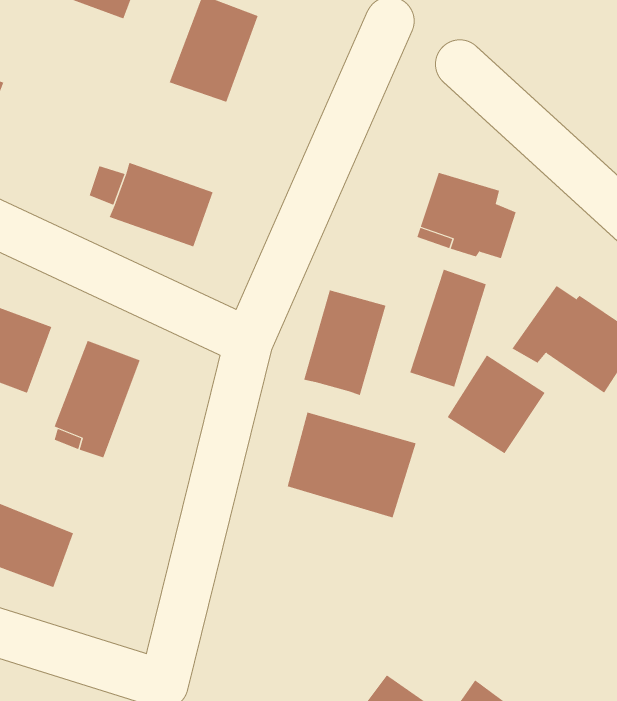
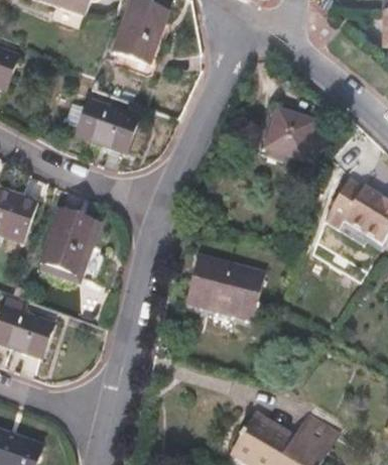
building: [409,269,487,387] -> none
building: [303,290,386,396] -> none
building: [447,355,545,454] -> none

